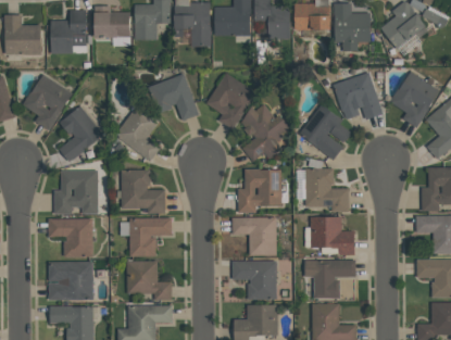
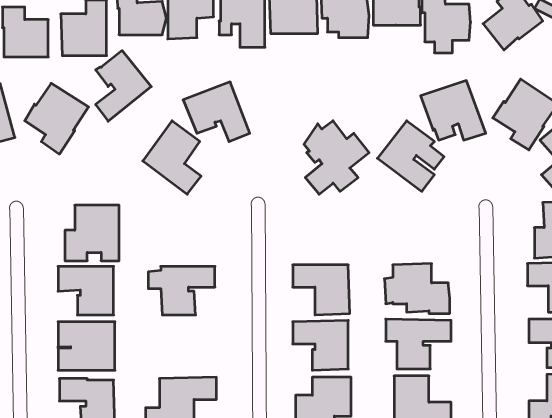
building: [206,73,256,129] -> none
building: [60,106,103,162] -> [96,51,151,121]
building: [238,168,281,213] -> none
building: [297,168,350,212] -> none
building: [121,169,165,214] -> none
building: [127,261,172,300] -> none

